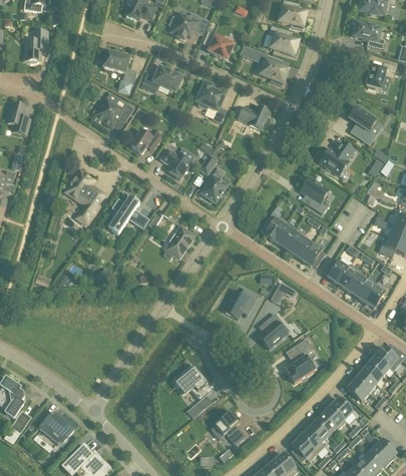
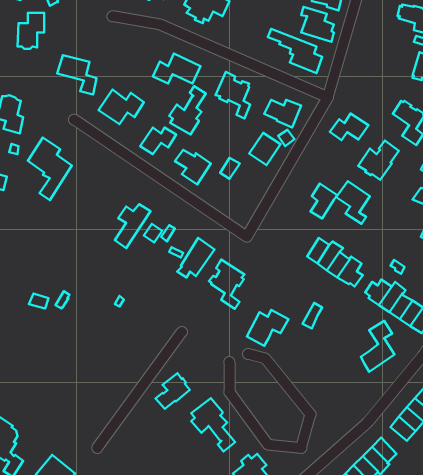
building: [202,31,234,60] -> none
building: [102,51,136,85] -> [57,55,97,94]
building: none -> [169,86,206,135]
building: none -> [330,113,369,140]
building: [66,169,104,223] -> [28,138,72,200]
building: [200,175,228,203] -> [249,133,280,165]
building: [265,211,288,242] -> [311,184,337,218]
building: none -> [209,260,244,309]
building: [258,314,290,349] -> none
building: [287,339,316,383] -> [361,321,395,372]
building: none -> [156,373,190,409]

